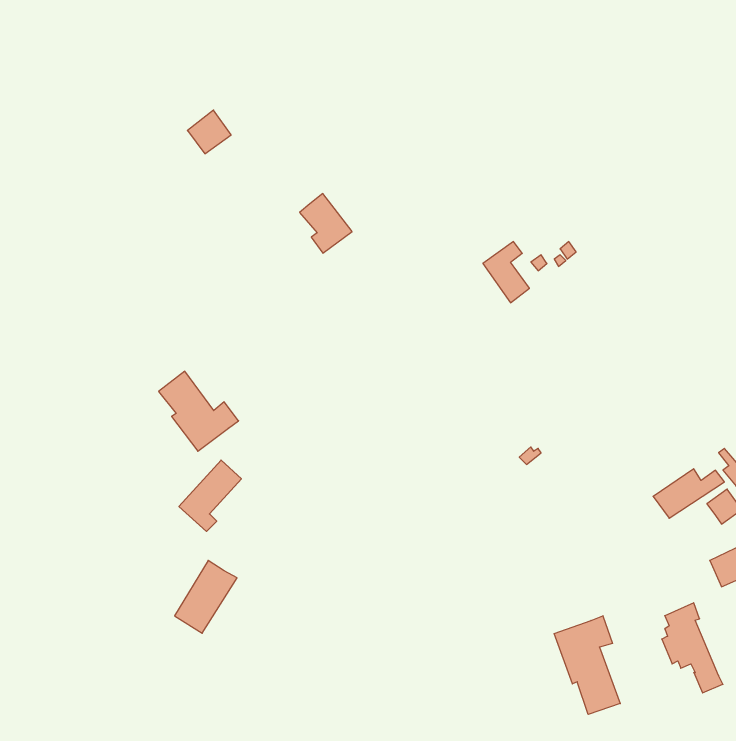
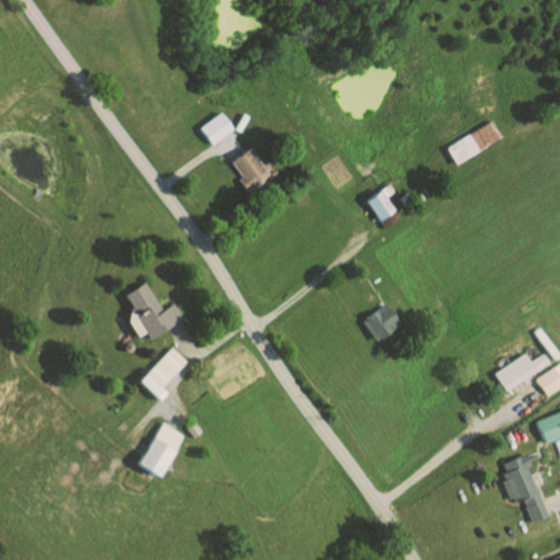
building: [187,110,231,154] -> [201,112,234,144]
building: none -> [448,120,502,164]
building: none -> [364,304,401,340]
building: [554,616,620,714] -> none

